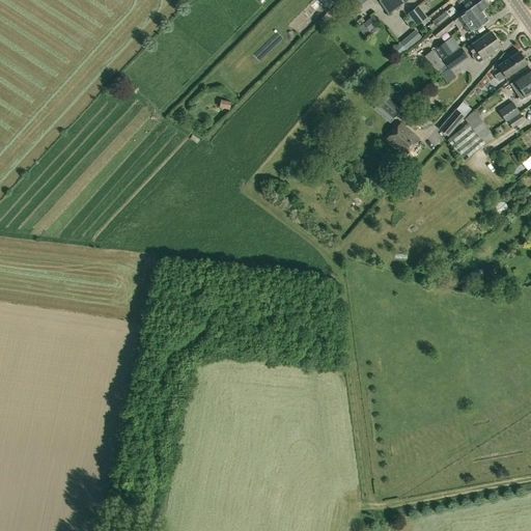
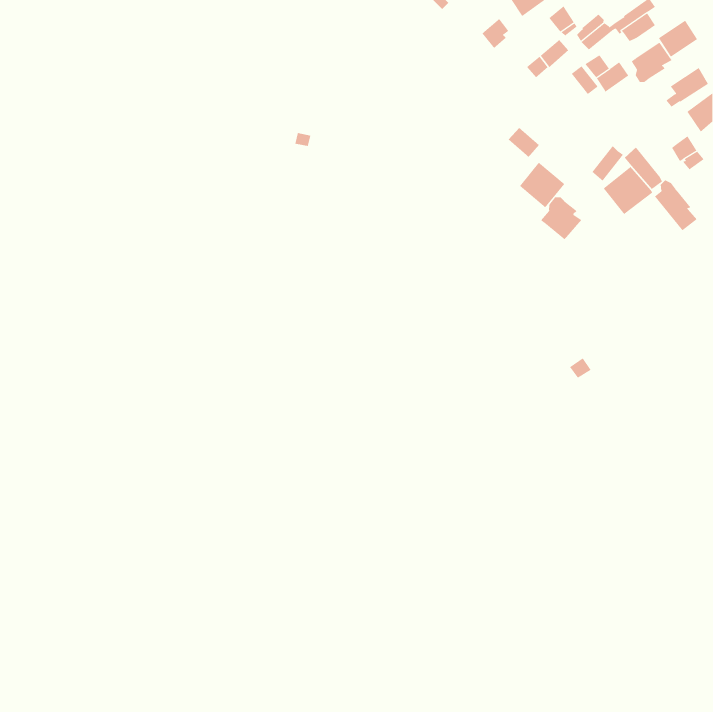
building: none -> [658,20,698,58]
building: none -> [654,180,698,231]
building: none -> [541,196,582,240]

